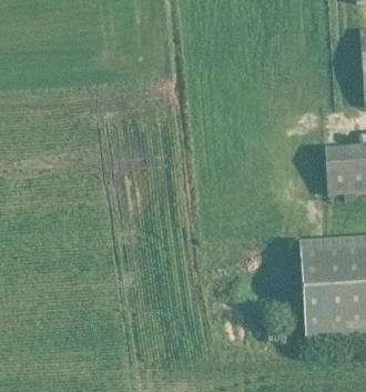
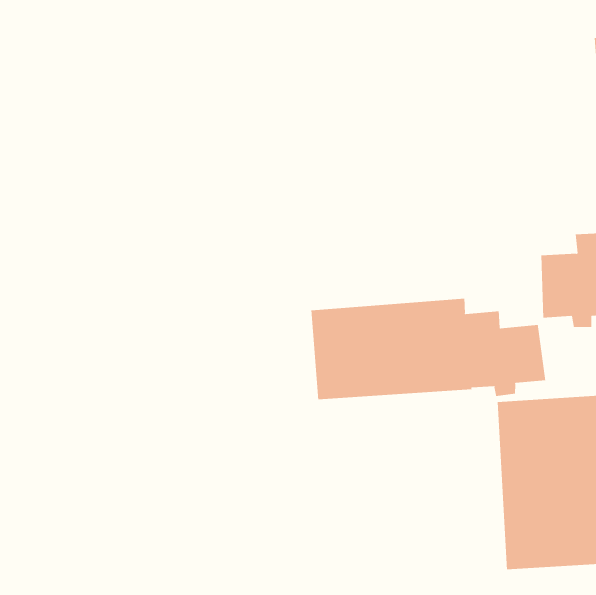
building: none -> [311,298,546,400]

